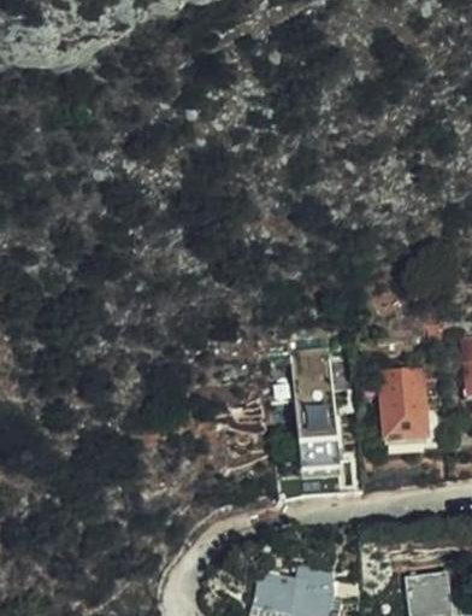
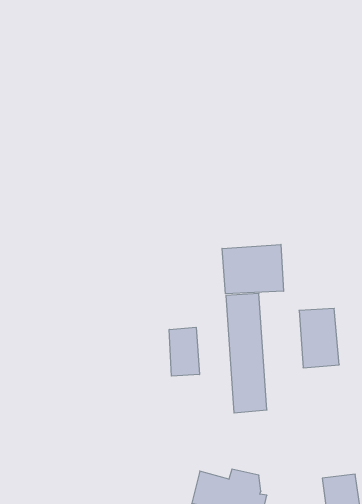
building: none -> [222,244,284,294]
building: none -> [169,327,199,376]

